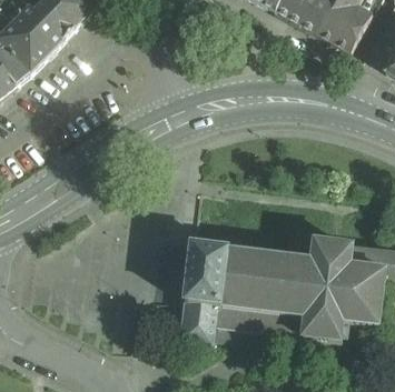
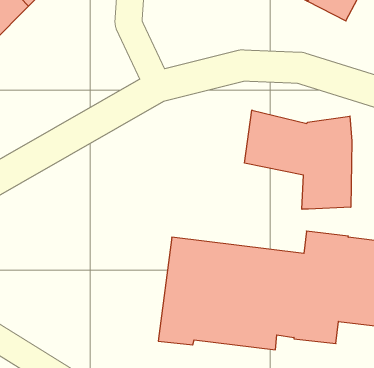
building: none -> [245,110,352,209]

